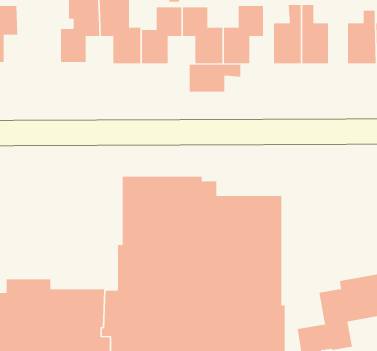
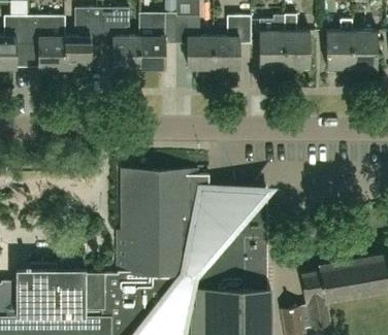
building: none -> [27,16,66,68]
building: [189,64,241,92] -> none

